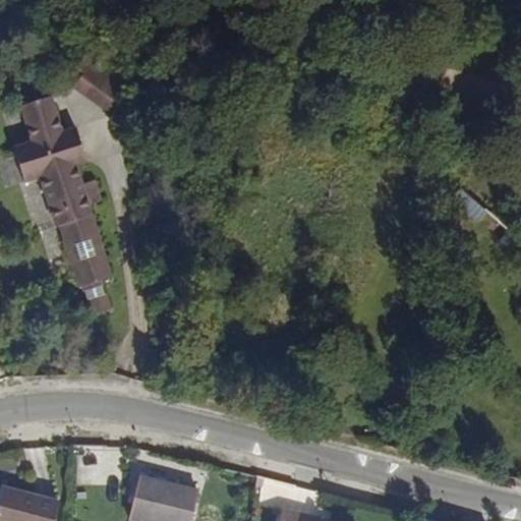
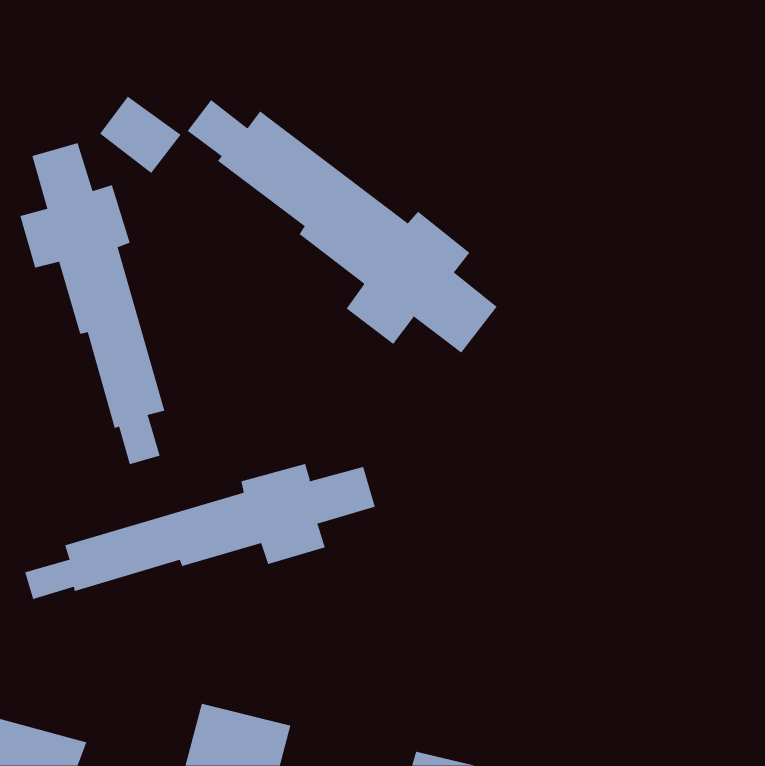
building: none -> [187,99,497,354]
building: none -> [24,463,375,600]

